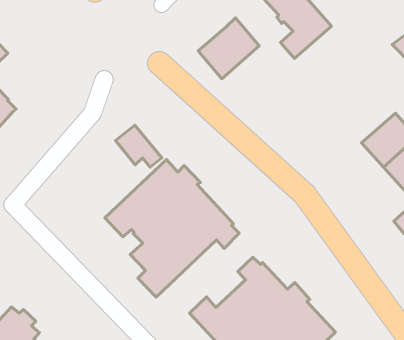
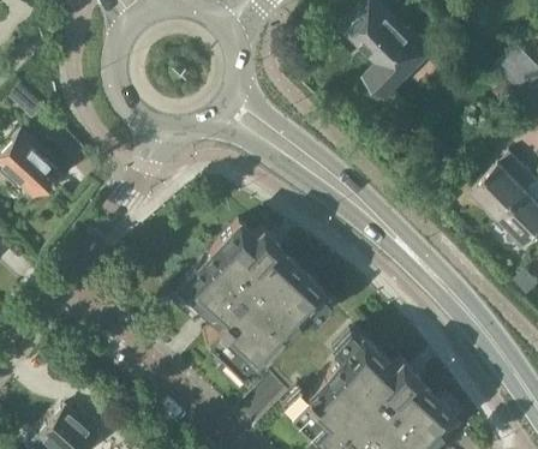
building: [198,18,259,79] -> none
building: [116,125,162,167] -> none

